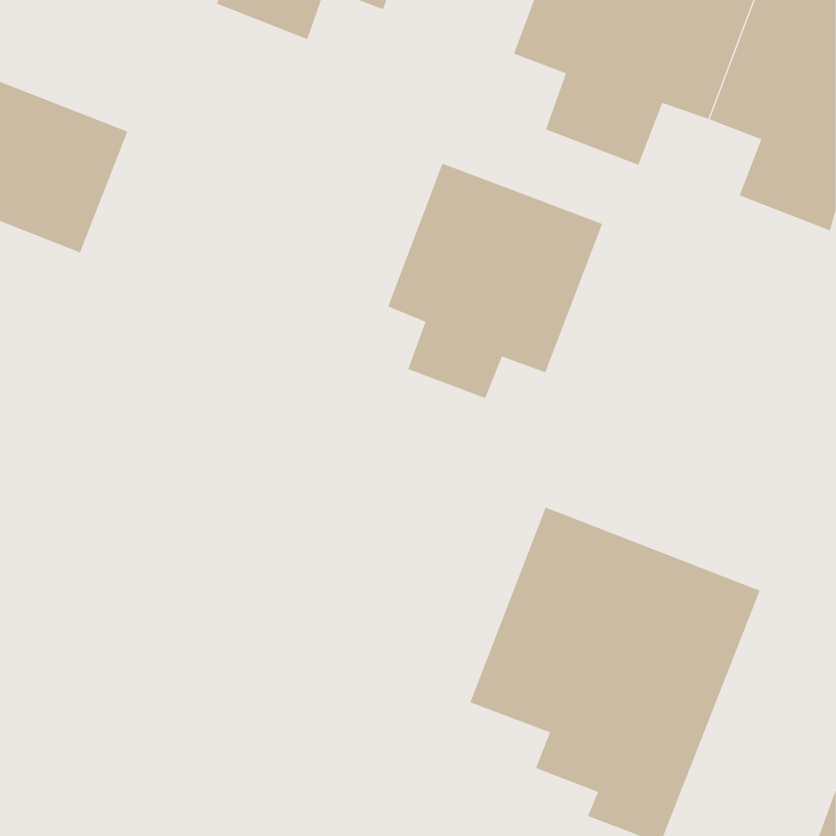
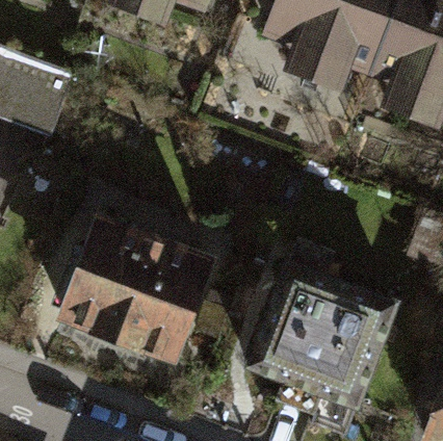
building: [387,163,603,399] -> none
building: none -> [61,227,206,360]

